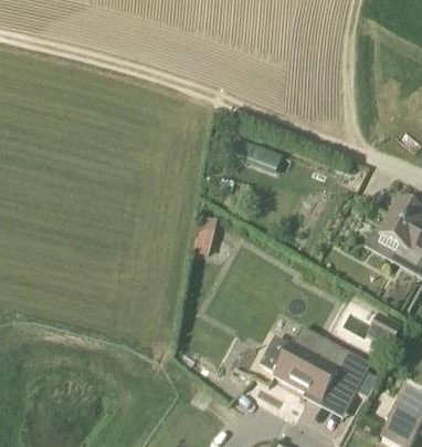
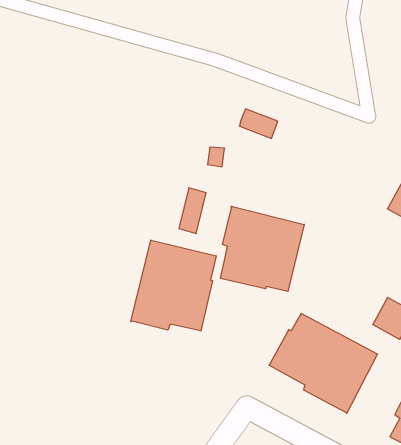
building: none -> [221,206,304,291]
building: none -> [131,240,216,331]

